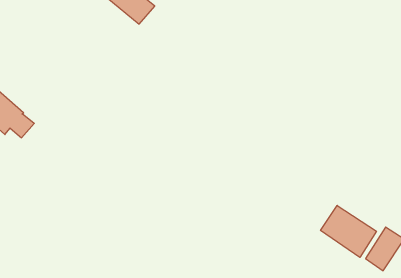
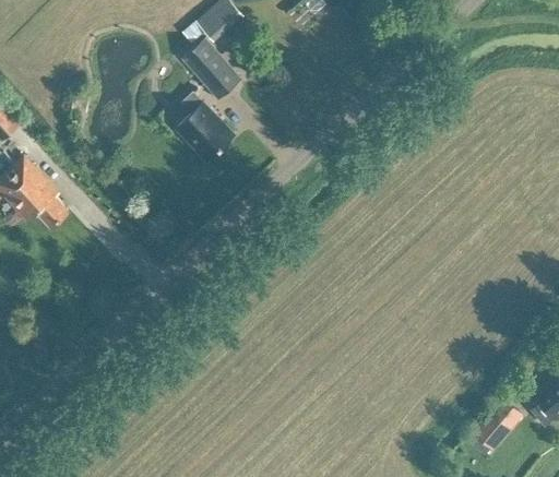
building: none -> [176,92,235,160]
building: [321,205,376,257] -> none

